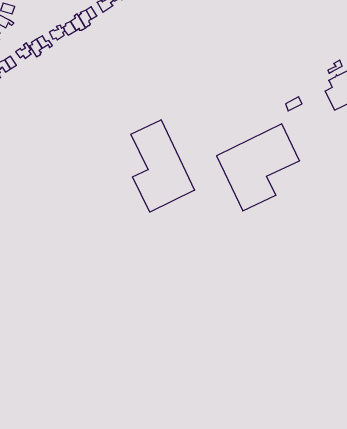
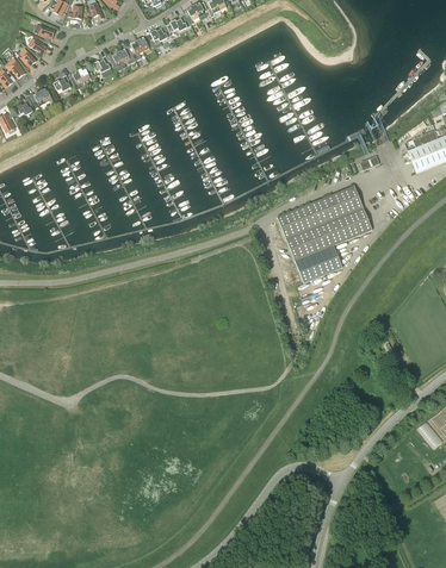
building: [131,120,195,212] -> none

